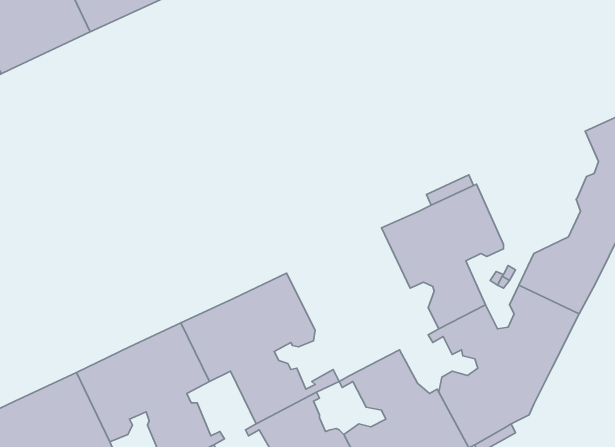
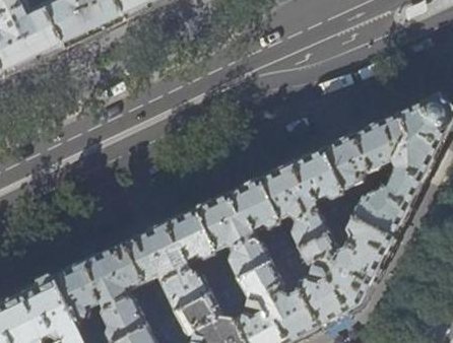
building: none -> [322,115,404,198]
building: none -> [194,180,279,279]

